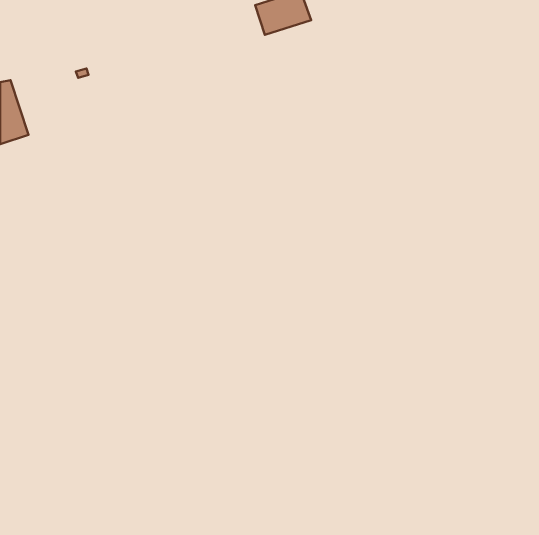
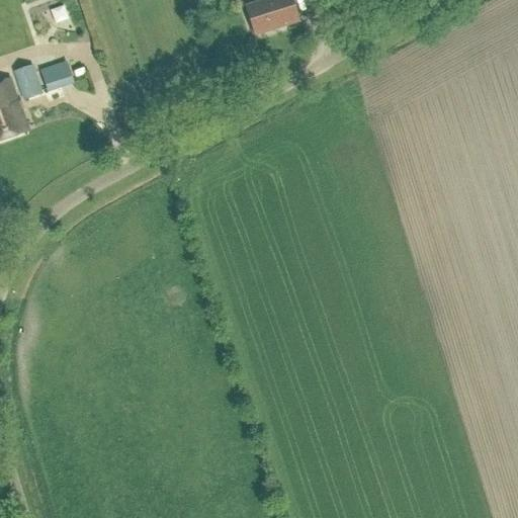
building: none -> [40,61,73,90]
building: none -> [13,64,41,97]

